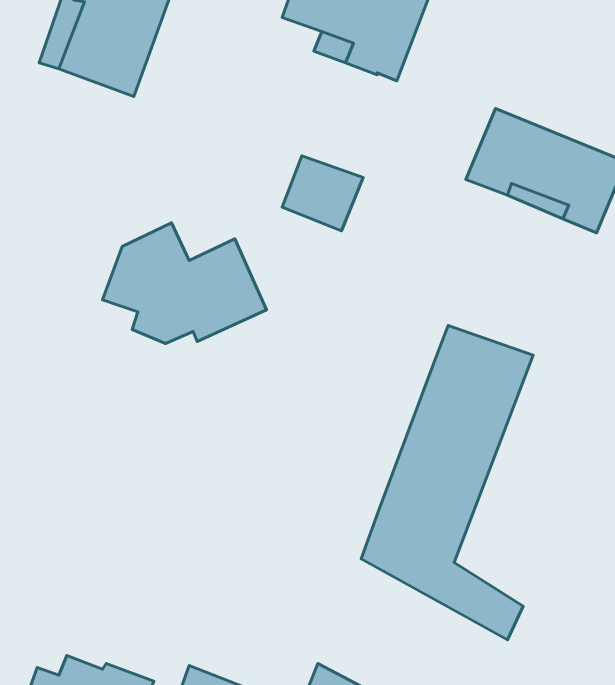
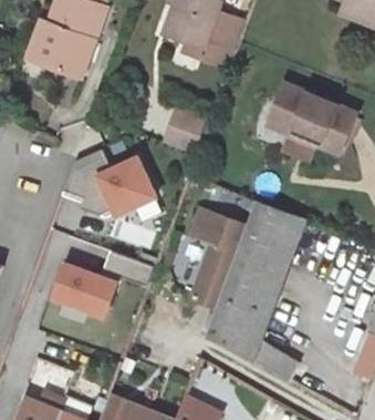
building: none -> [190,207,248,308]
building: none -> [54,252,154,316]

